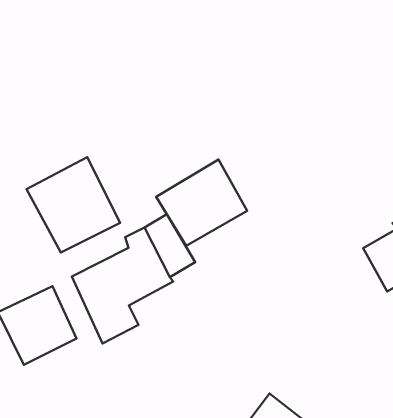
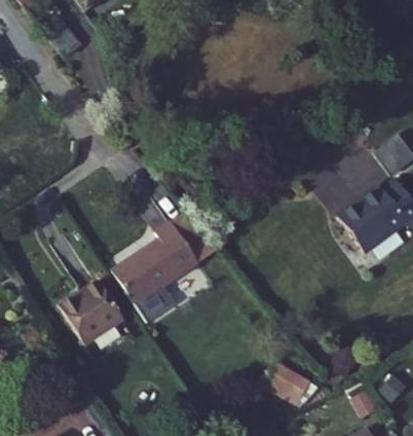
building: [27,157,120,252] -> none
building: [156,159,247,246] -> none

